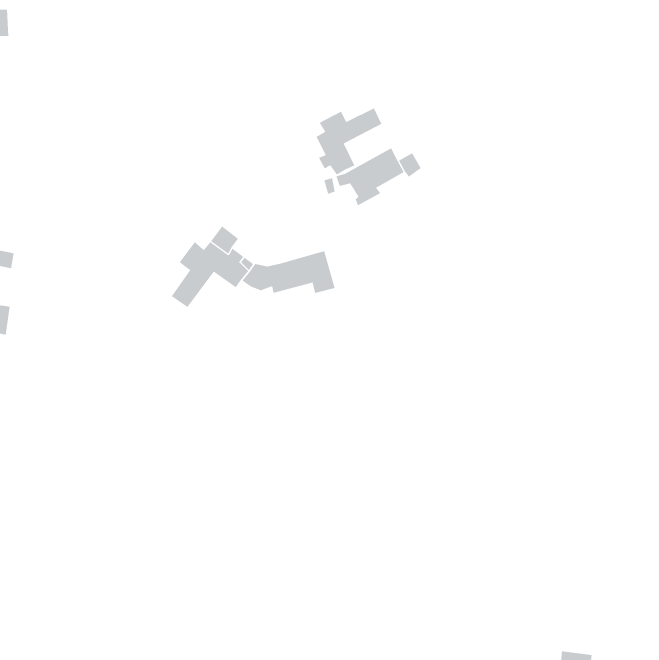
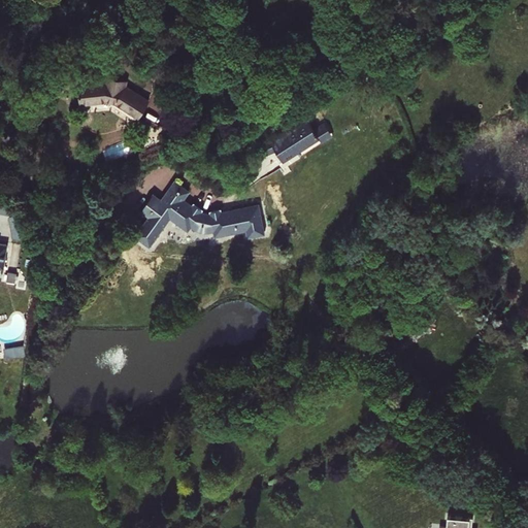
building: none -> [77,80,145,120]
building: [316,108,382,176] -> none

